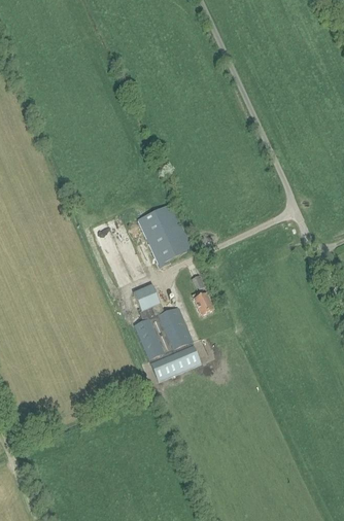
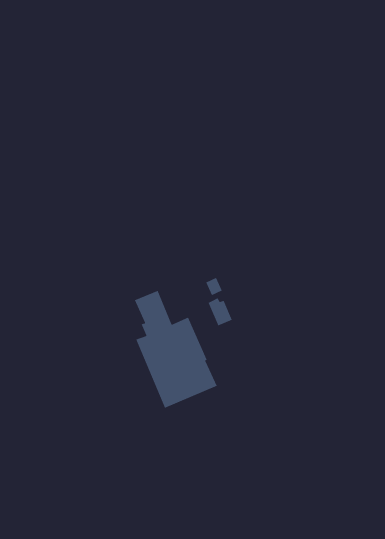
building: [137,203,192,267] -> none

